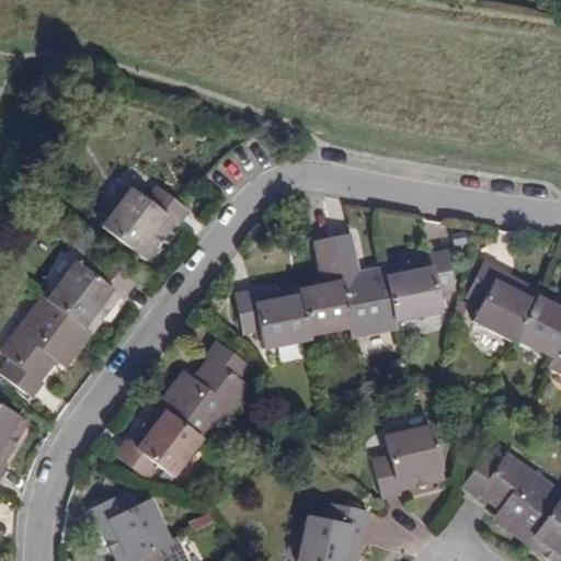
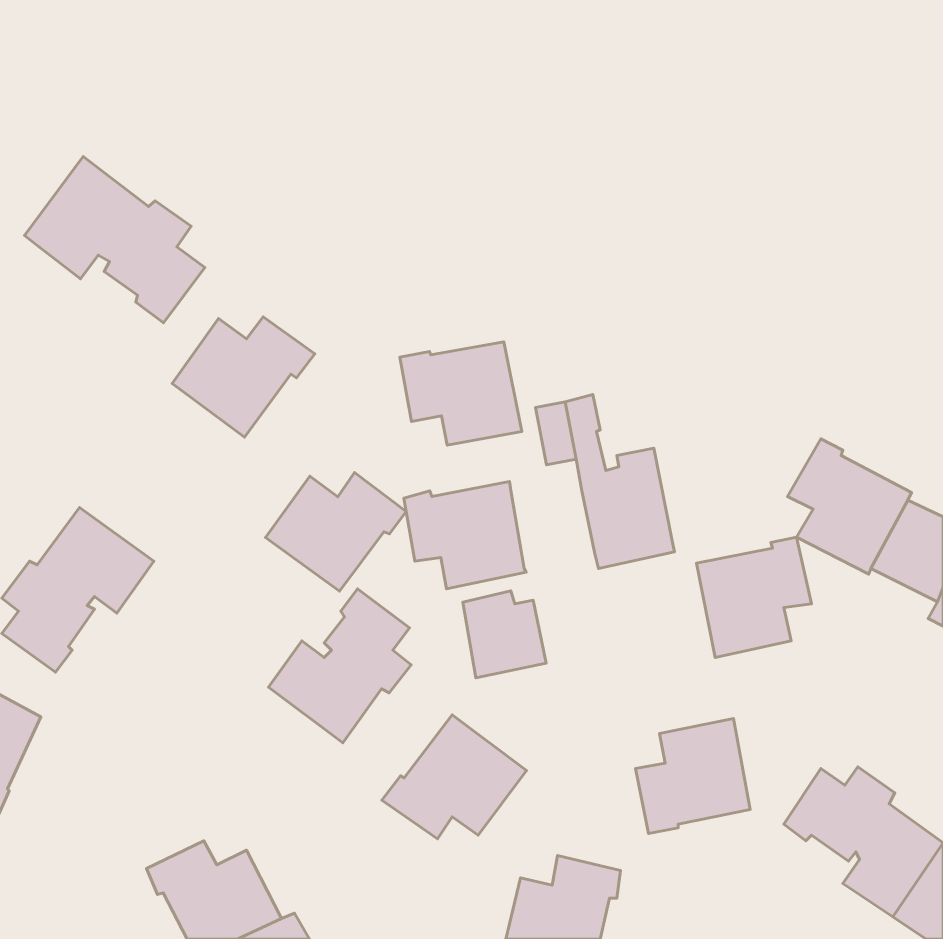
building: none -> [24,157,205,323]
building: none -> [400,342,522,445]
building: [387,250,455,321] -> [697,537,811,657]
building: [47,262,130,332] -> [265,473,406,591]
building: [302,285,352,336] -> [463,591,546,678]
building: [117,407,203,480] -> [382,715,526,839]

